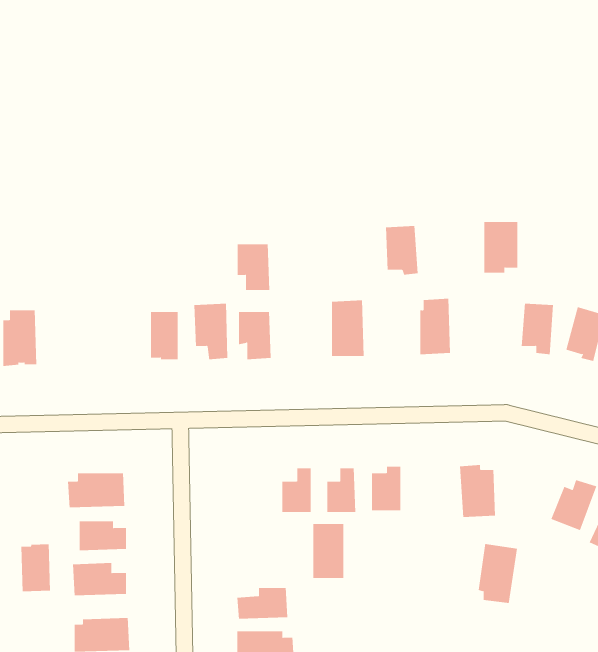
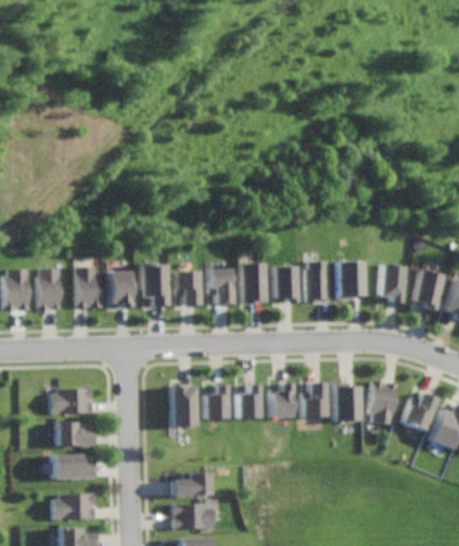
building: [483,222,518,273] -> [338,261,364,298]
building: [385,225,418,275] -> [274,266,298,302]
building: [237,244,270,290] -> [208,269,232,303]
building: none -> [76,266,100,307]
building: none -> [37,268,58,309]
building: none -> [302,381,326,416]
building: [313,524,344,579] -> [170,385,193,425]
building: [478,544,518,603] -> [368,381,397,424]
building: [21,544,51,592] -> none

